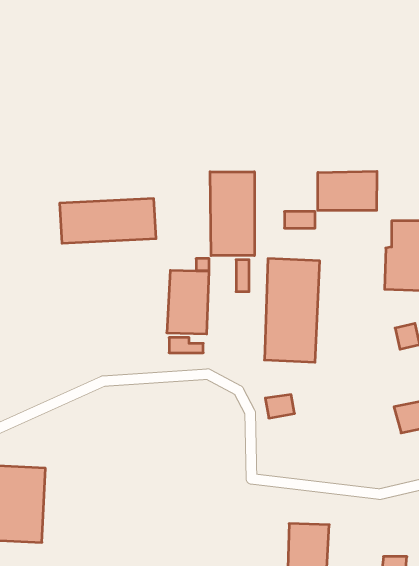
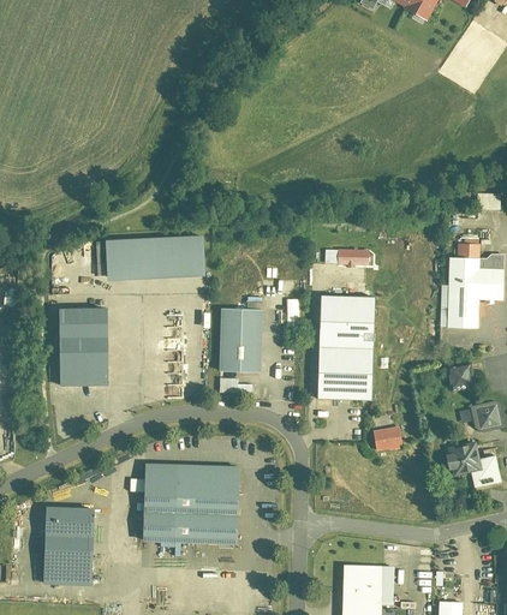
building: [318,171,377,210] -> none
building: [210,172,254,256] -> none
building: none -> [60,310,106,388]
building: [265,395,295,418] -> [376,426,406,450]
building: none -> [141,462,241,545]

